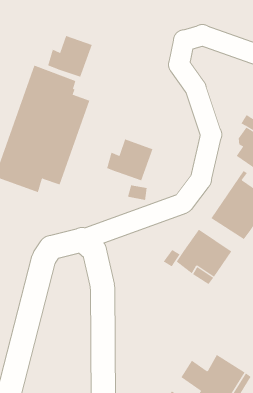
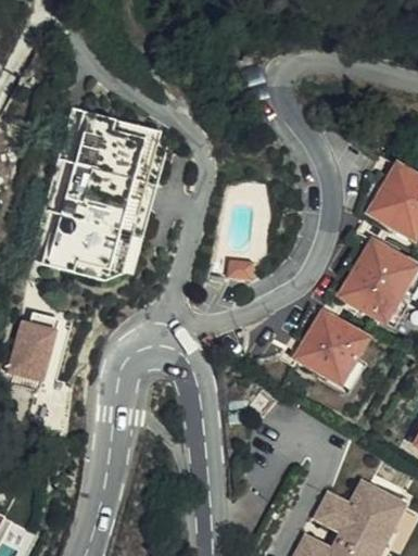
building: [48,35,92,78] -> none
building: [106,139,153,181] -> none

